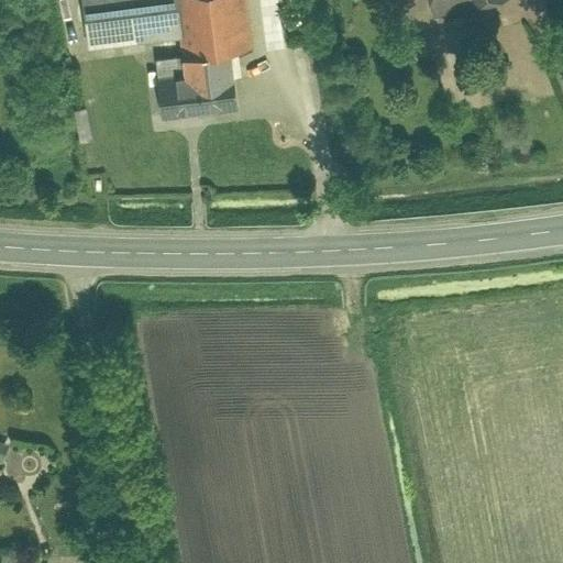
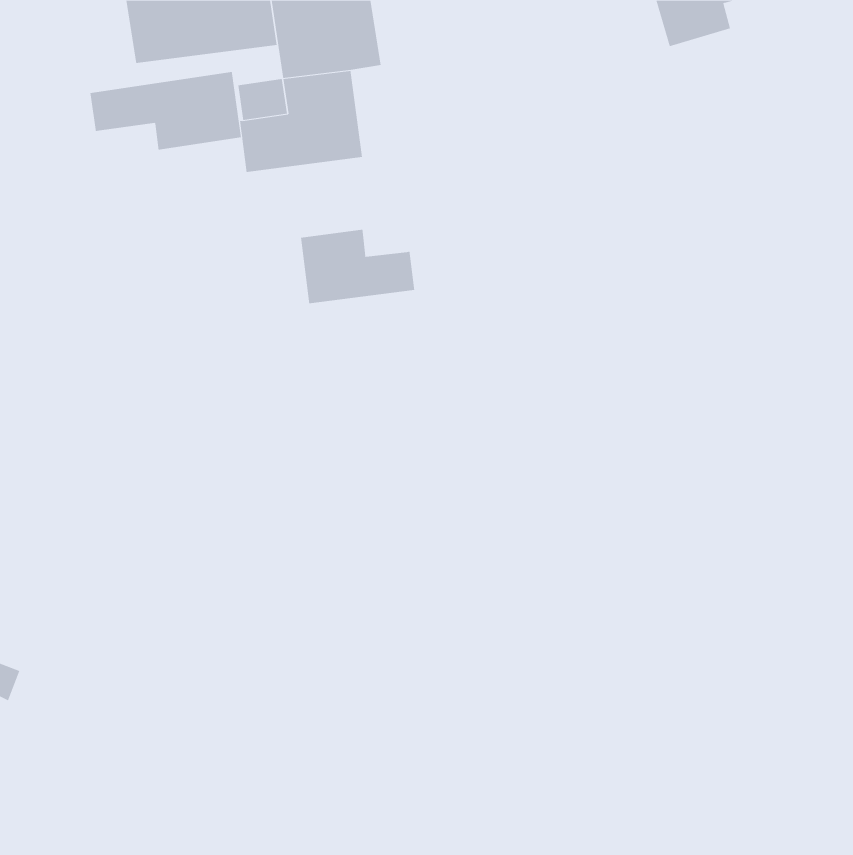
building: none -> [90,71,241,151]
building: none -> [301,229,415,304]

